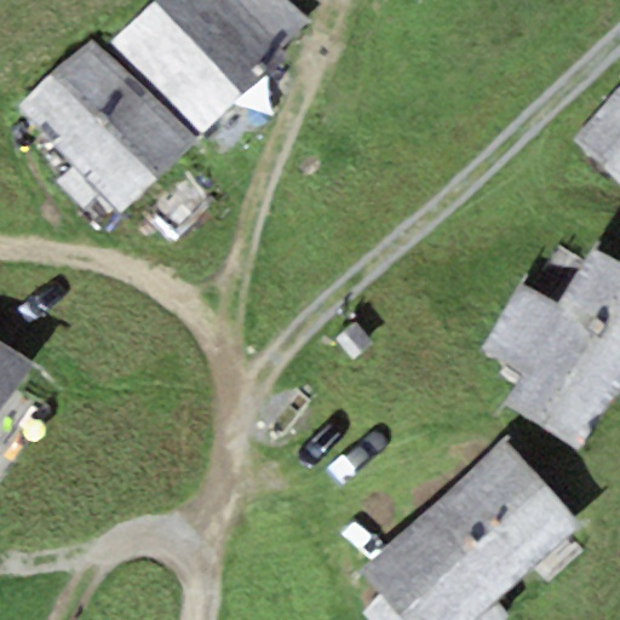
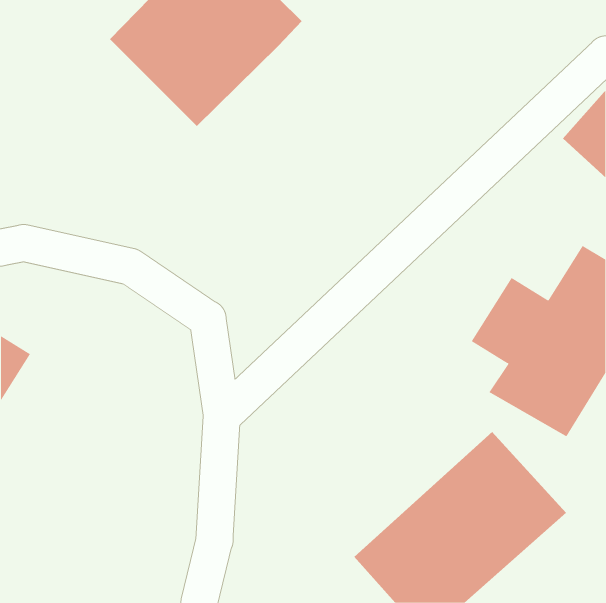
building: [21,38,196,213] -> none

